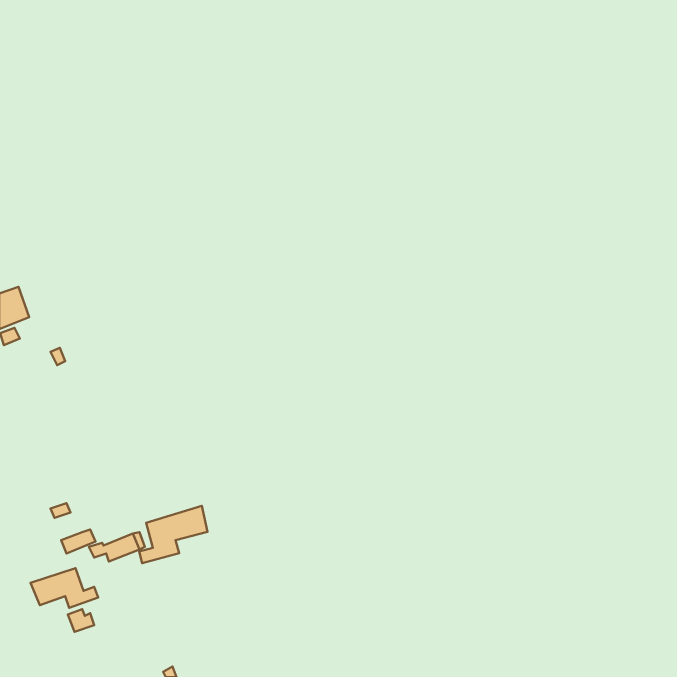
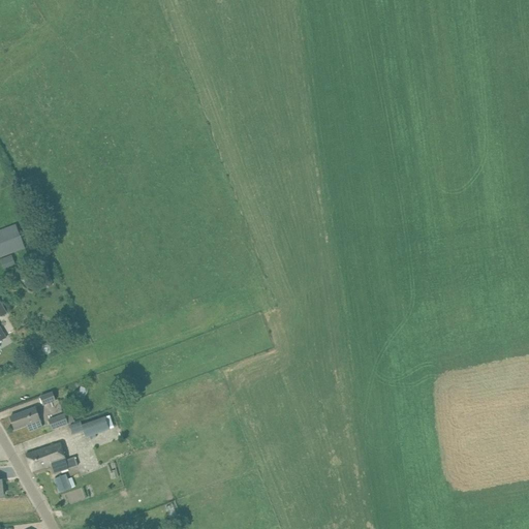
building: [139,506,207,563] -> none
building: none -> [8,407,41,431]

